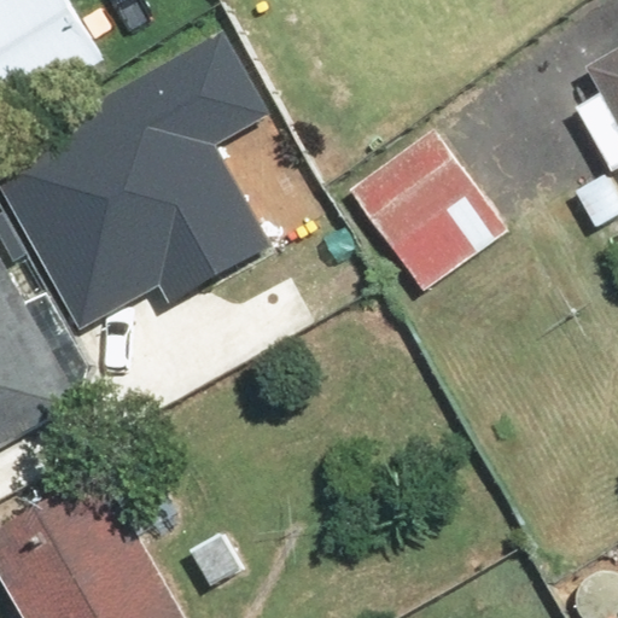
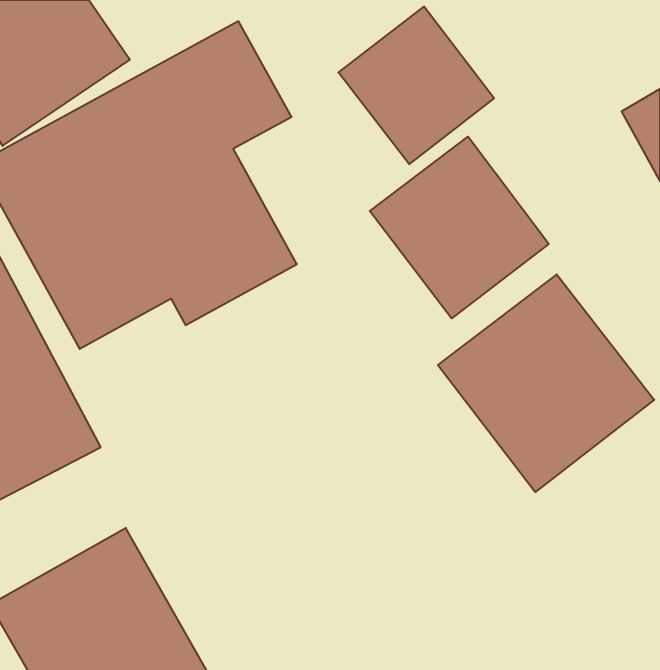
building: none -> [338,7,494,164]
building: none -> [438,274,654,492]

